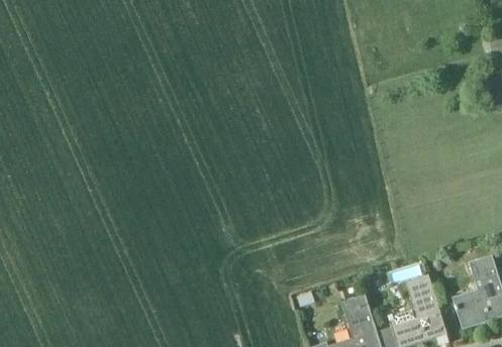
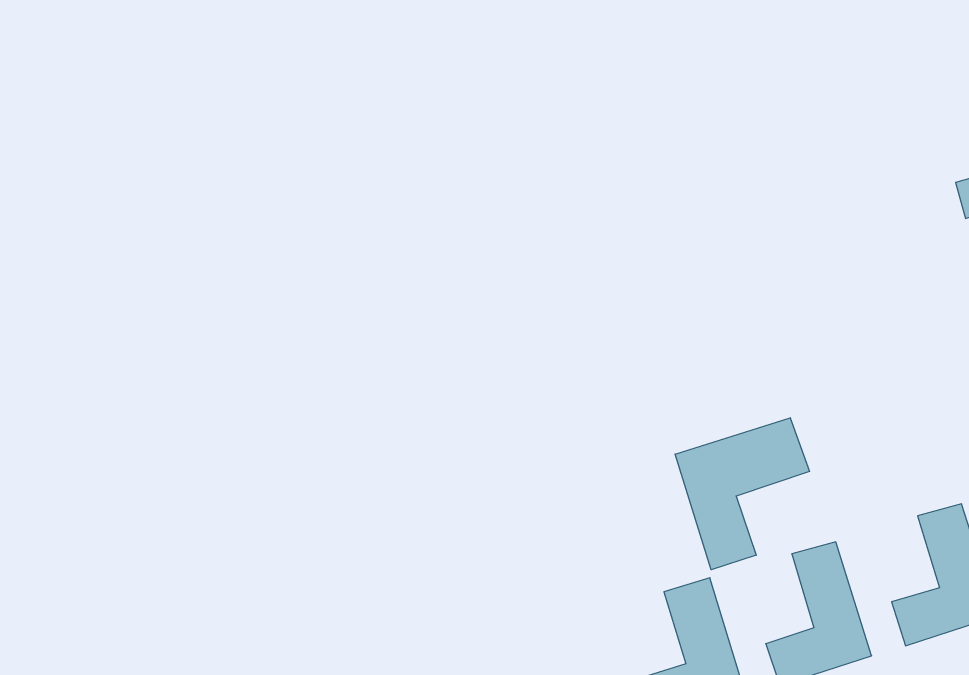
building: none -> [675,418,809,570]

